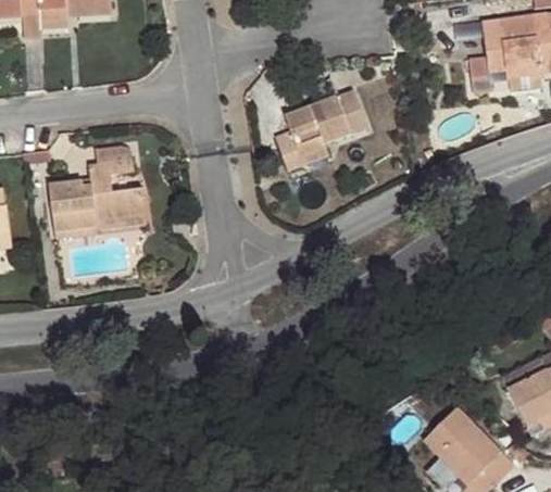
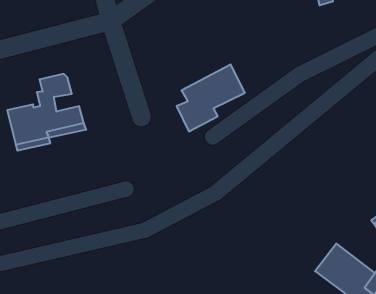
building: [277,89,368,169] -> [177,64,245,131]

